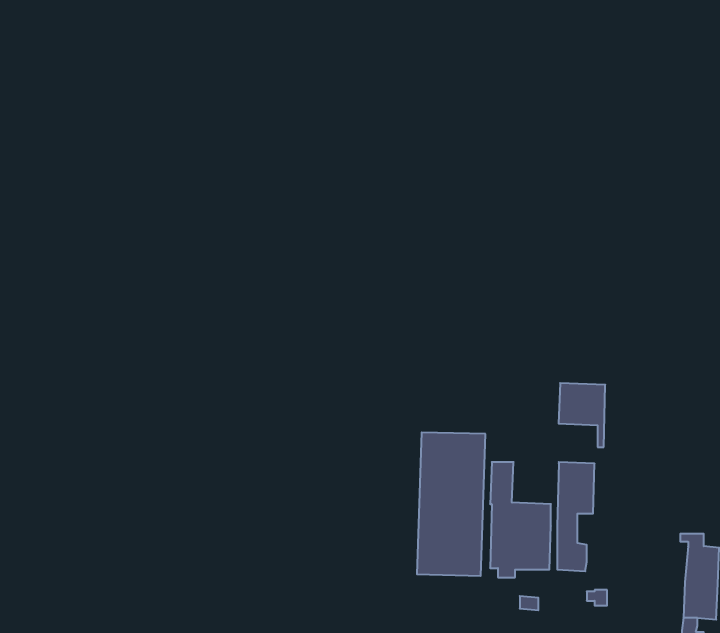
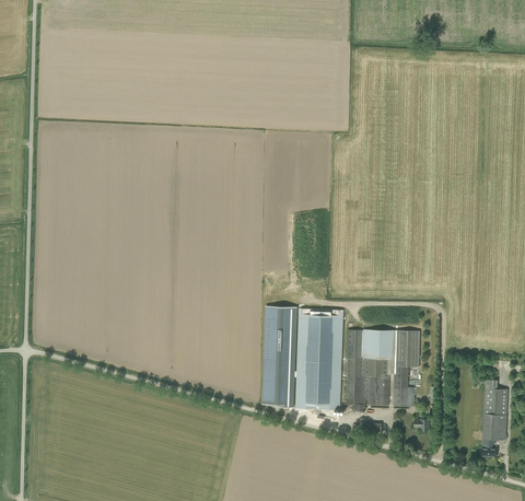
building: [559,383,605,447] -> [362,329,395,374]
building: none -> [262,307,296,407]

